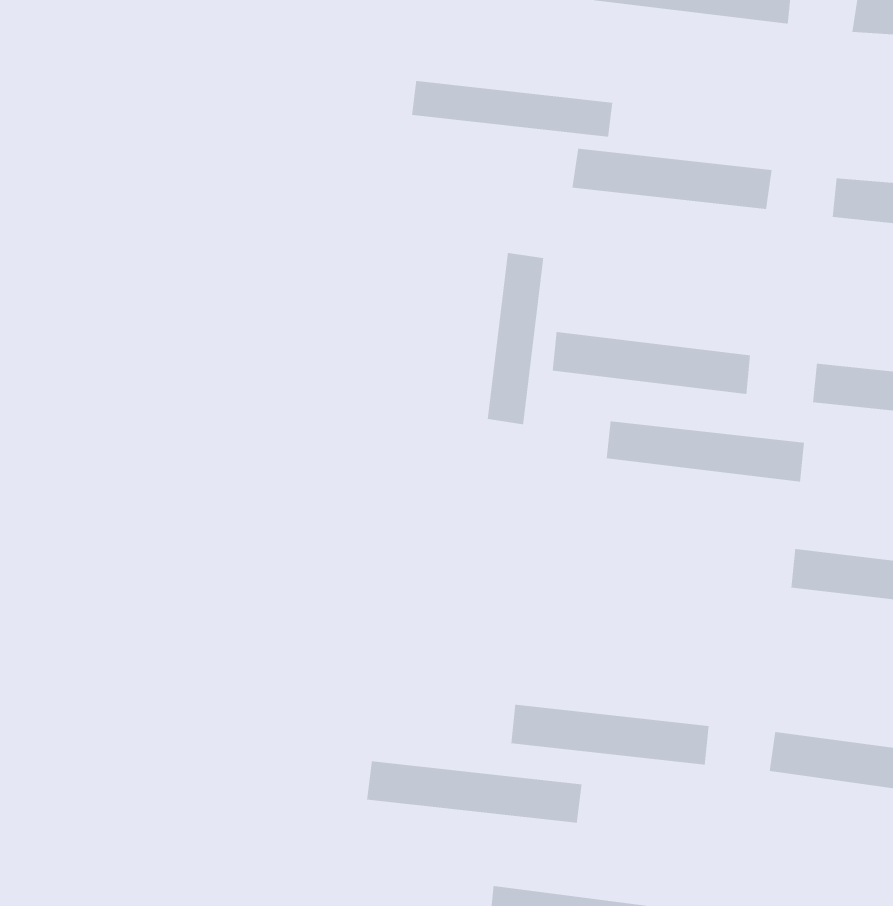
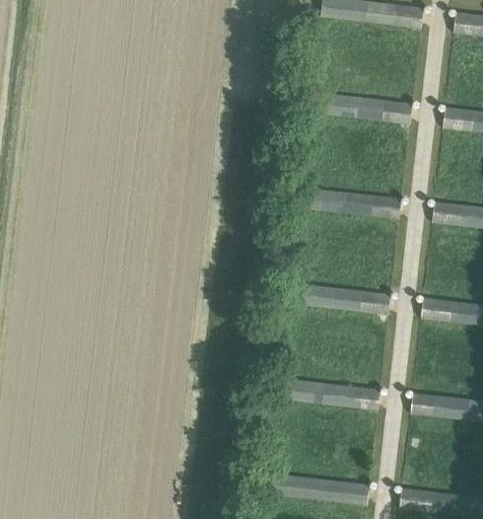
building: [411,80,613,137] -> none
building: [487,252,544,425] -> none
building: [606,421,805,482] -> [288,283,391,314]
building: [367,760,582,823] -> none

